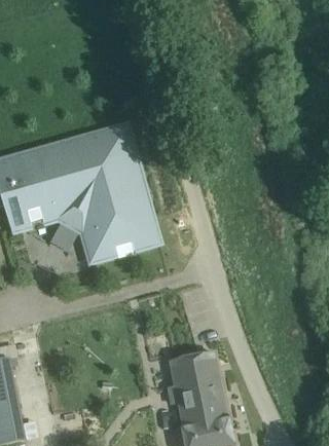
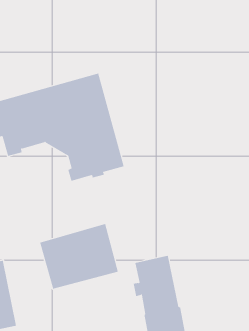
building: none -> [40,223,119,290]

